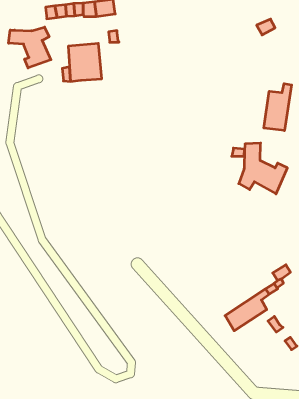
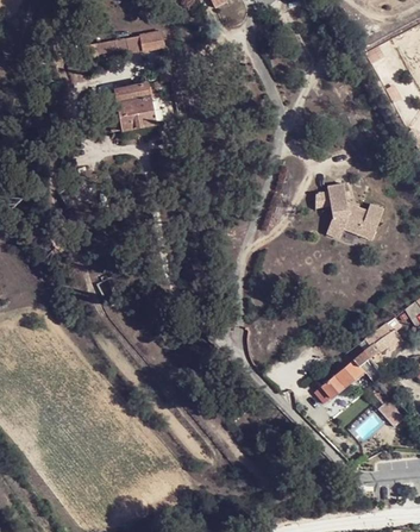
building: [9,27,51,68] -> none
building: [264,84,292,131] -> none

